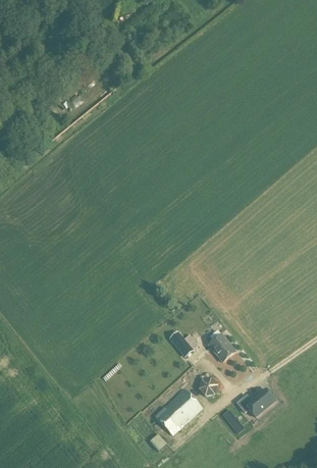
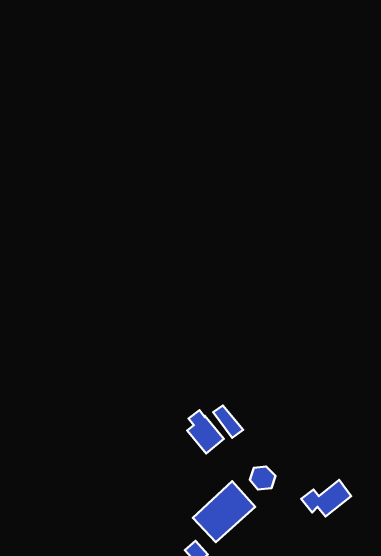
building: [208,329,235,362] -> [187,410,224,454]

